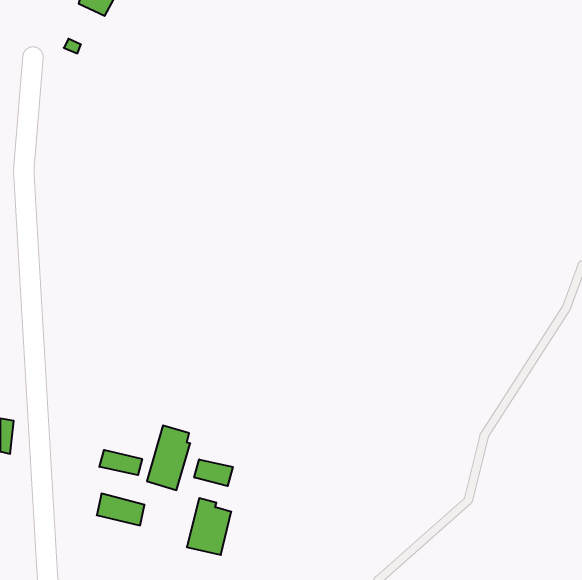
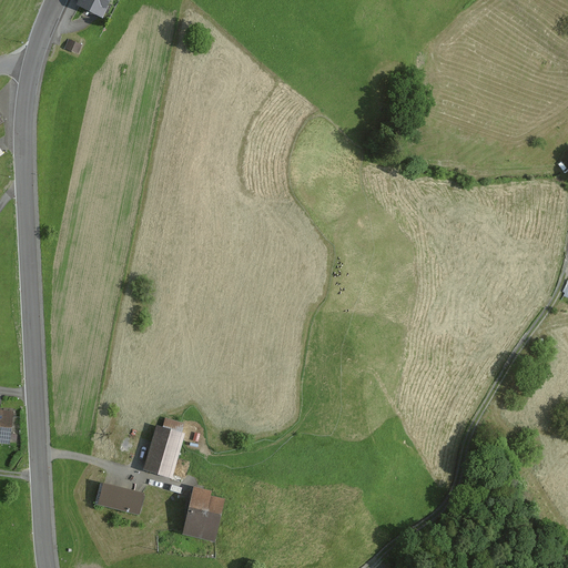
building: [99,450,142,475] -> none
building: [194,459,233,486] -> none

